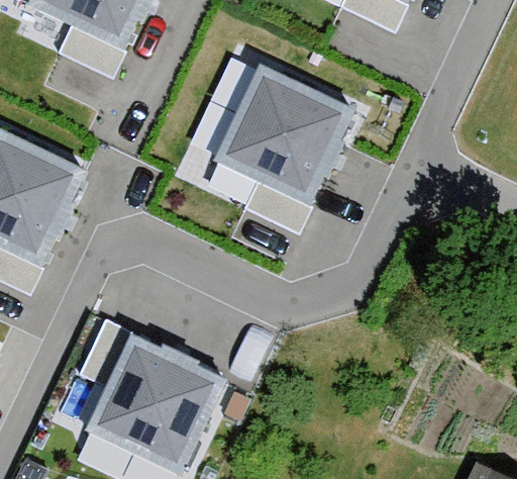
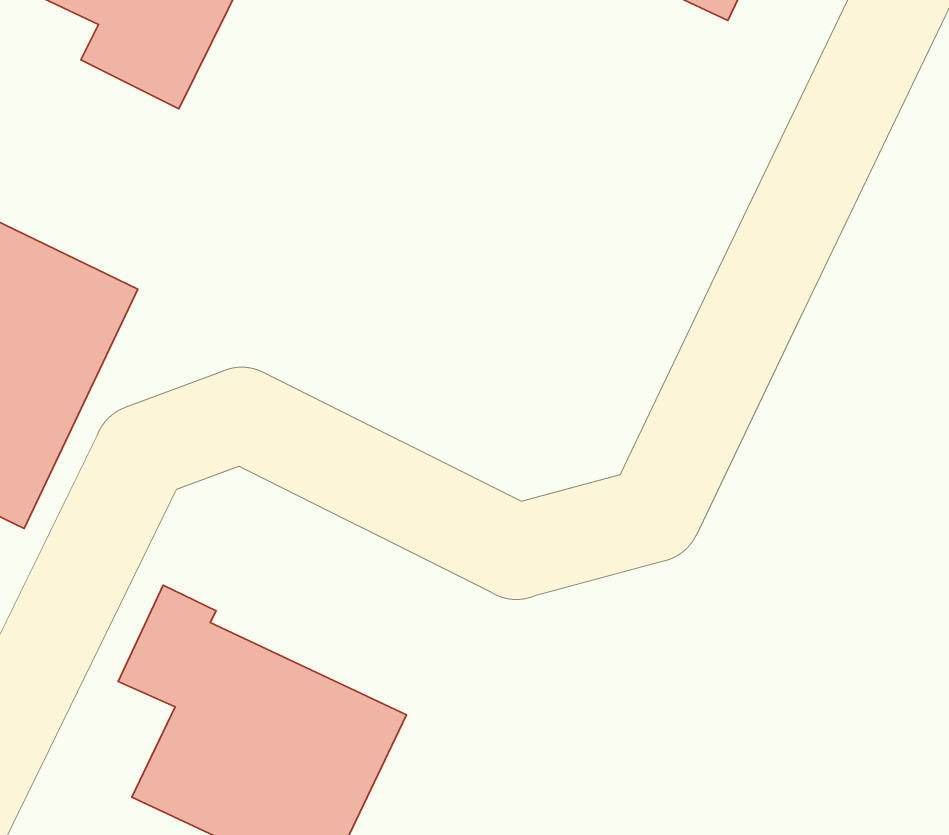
building: [210,62,354,232] -> none

